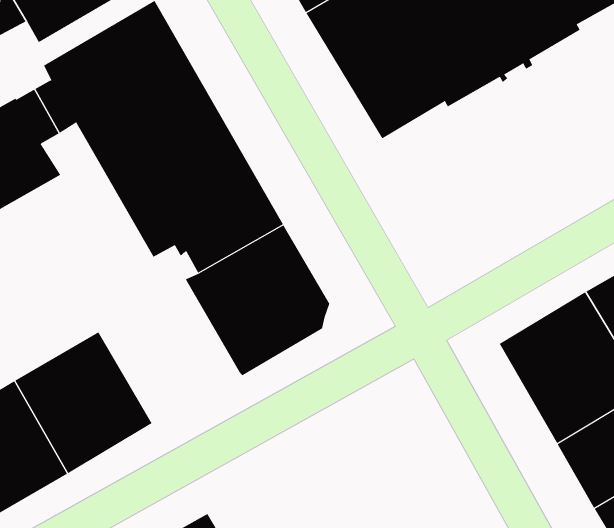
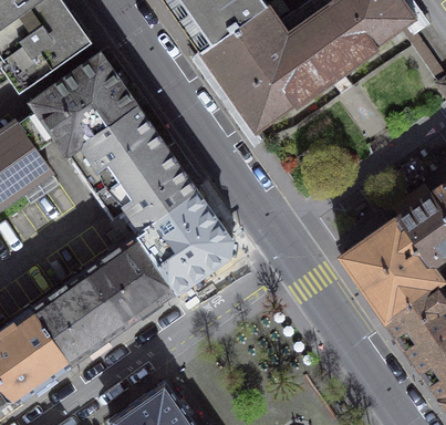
building: none -> [83,235,176,328]

